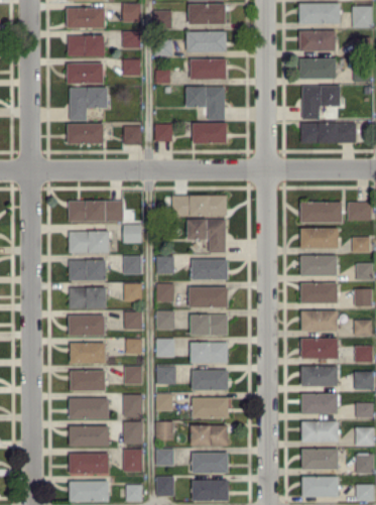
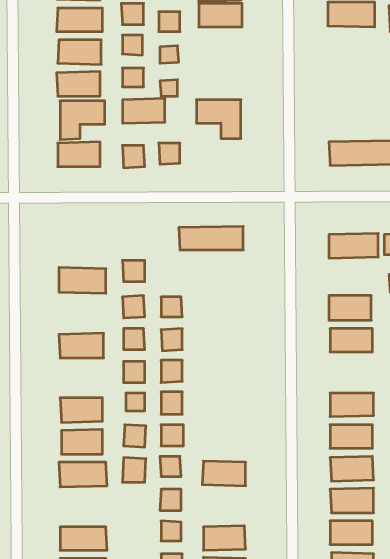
building: [185,30,226,51] -> none
building: [298,30,335,51] -> none
building: [190,58,226,80] -> [123,99,165,123]
building: [298,58,336,79] -> none
building: [301,86,340,119] -> none
building: [192,123,227,143] -> none
building: [68,201,123,222] -> none
building: [186,219,225,253] -> none
building: [299,227,338,249] -> none
building: [69,259,106,280] -> none
building: [191,259,227,280] -> none
building: [189,287,227,307] -> none
building: [300,310,338,332] -> none
building: [190,314,227,336] -> none
building: [68,315,105,336] -> none
building: [190,342,227,363] -> none
building: [191,370,227,390] -> none
building: [122,421,142,444] -> none
building: [69,425,108,446] -> none
building: [190,425,227,446] -> none
building: [122,449,142,472] -> none

